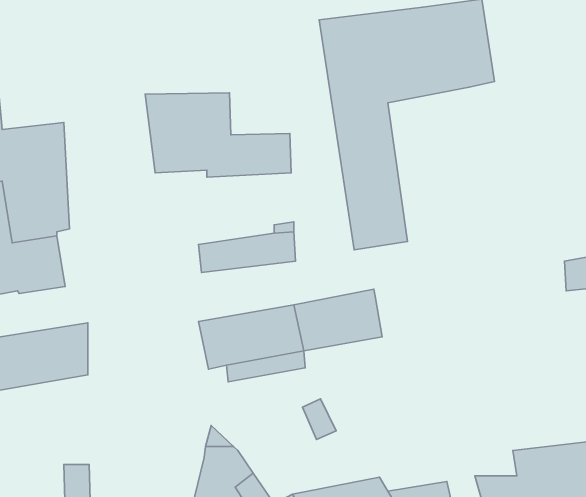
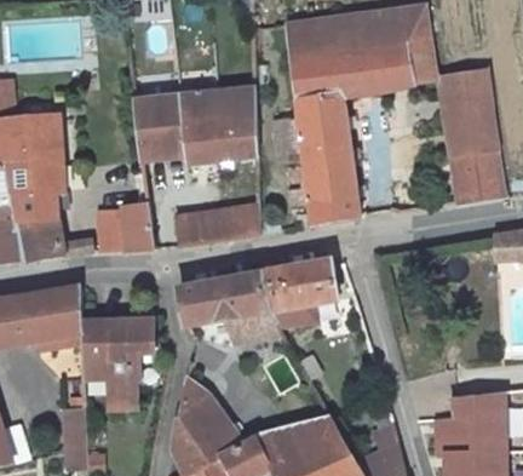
building: none -> [439,69,502,201]
building: none -> [205,88,257,125]
building: none -> [93,197,153,253]
building: none -> [82,321,151,408]

